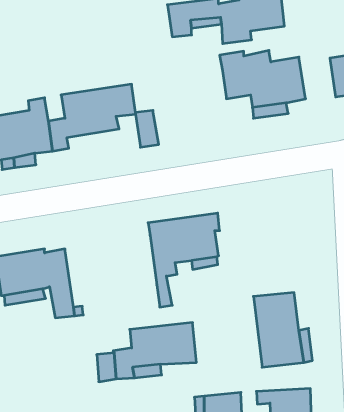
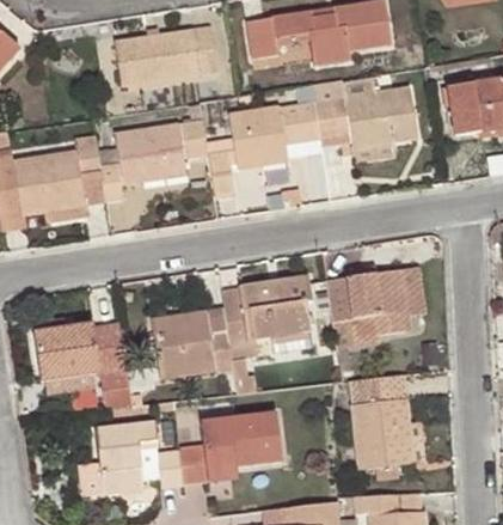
building: none -> [94,25,215,90]
building: none -> [227,102,318,166]
building: none -> [326,269,409,334]
building: none -> [151,305,232,377]
building: none -> [97,420,159,493]

